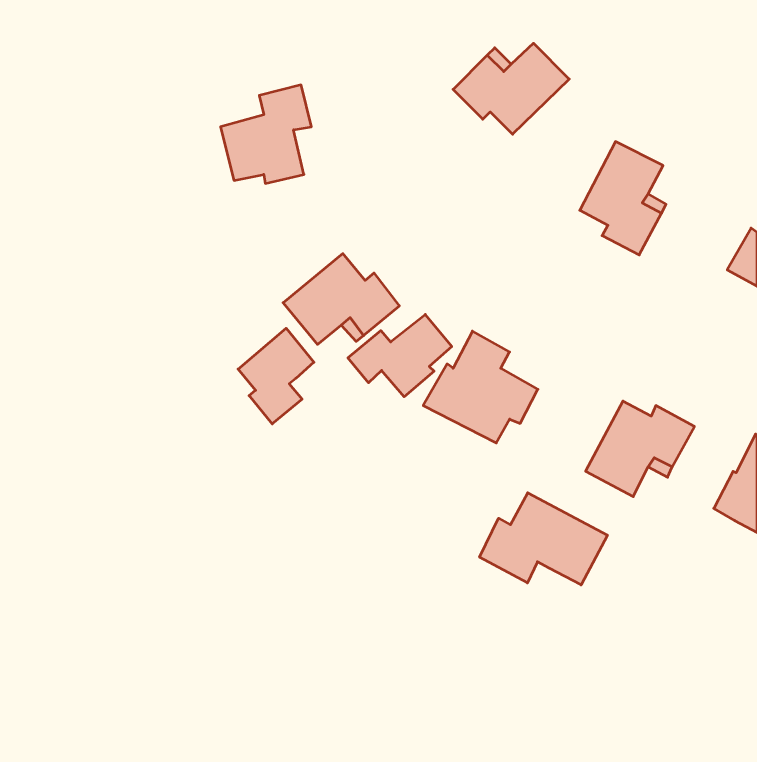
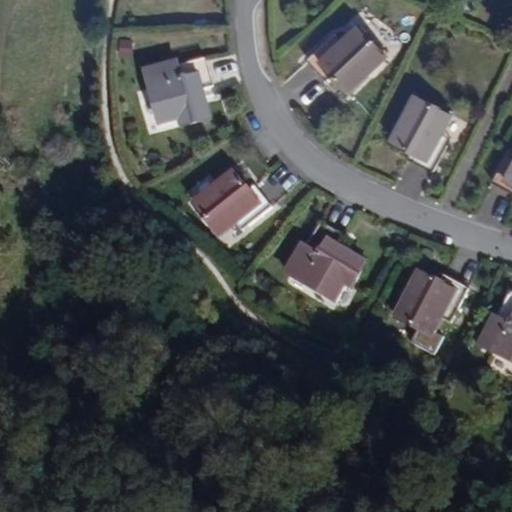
building: [348,314,452,397] -> none
building: [238,328,314,424] -> none
building: [480,493,607,585] -> none

